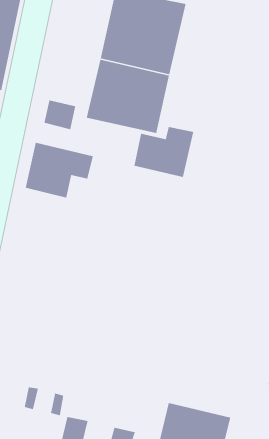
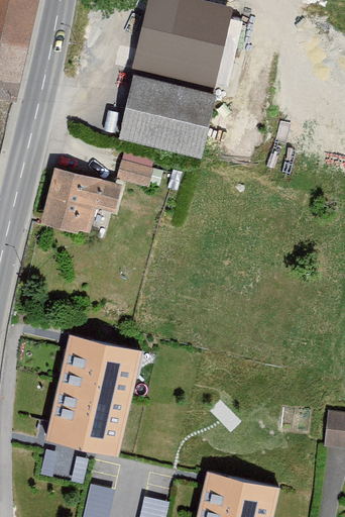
building: [44,100,76,130] -> [117,152,154,188]
building: [134,126,194,178] -> none
building: none -> [45,331,143,454]

